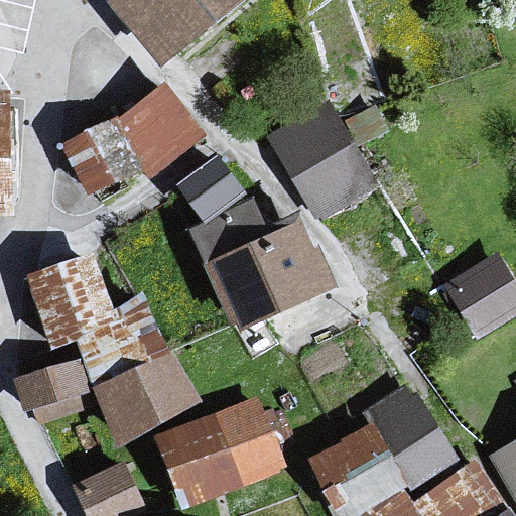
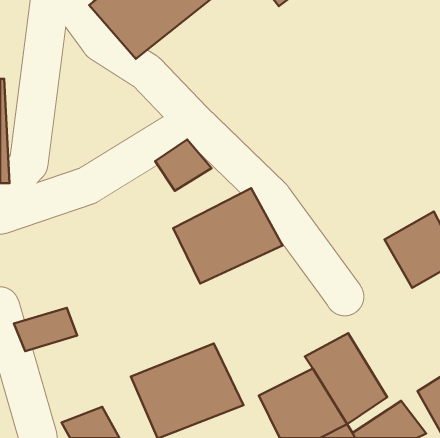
building: [54,87,203,201] -> none
building: [266,92,372,210] -> none
building: [28,254,115,353] -> none
building: [100,345,205,448] -> none

